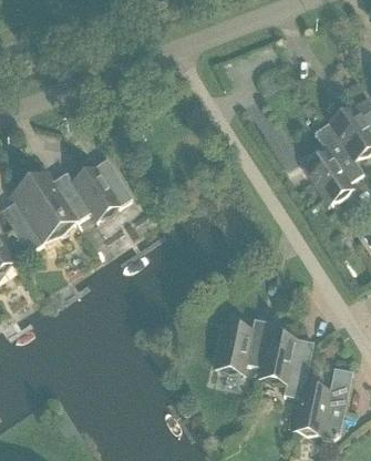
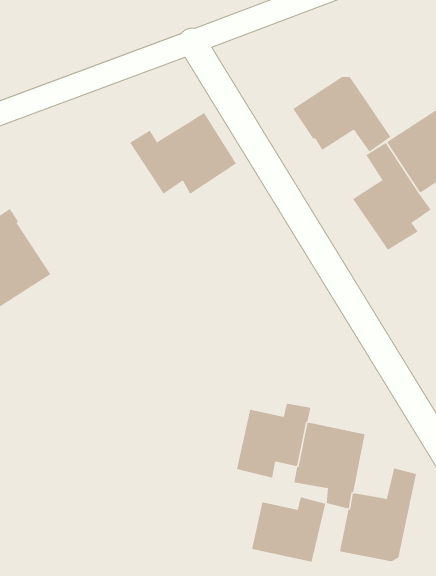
building: none -> [293,76,391,153]
building: [50,157,131,219] -> [130,112,237,194]
building: none -> [252,497,326,562]

